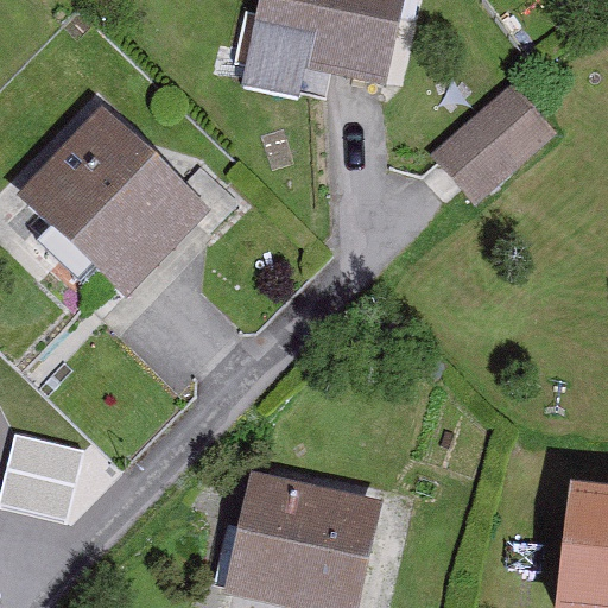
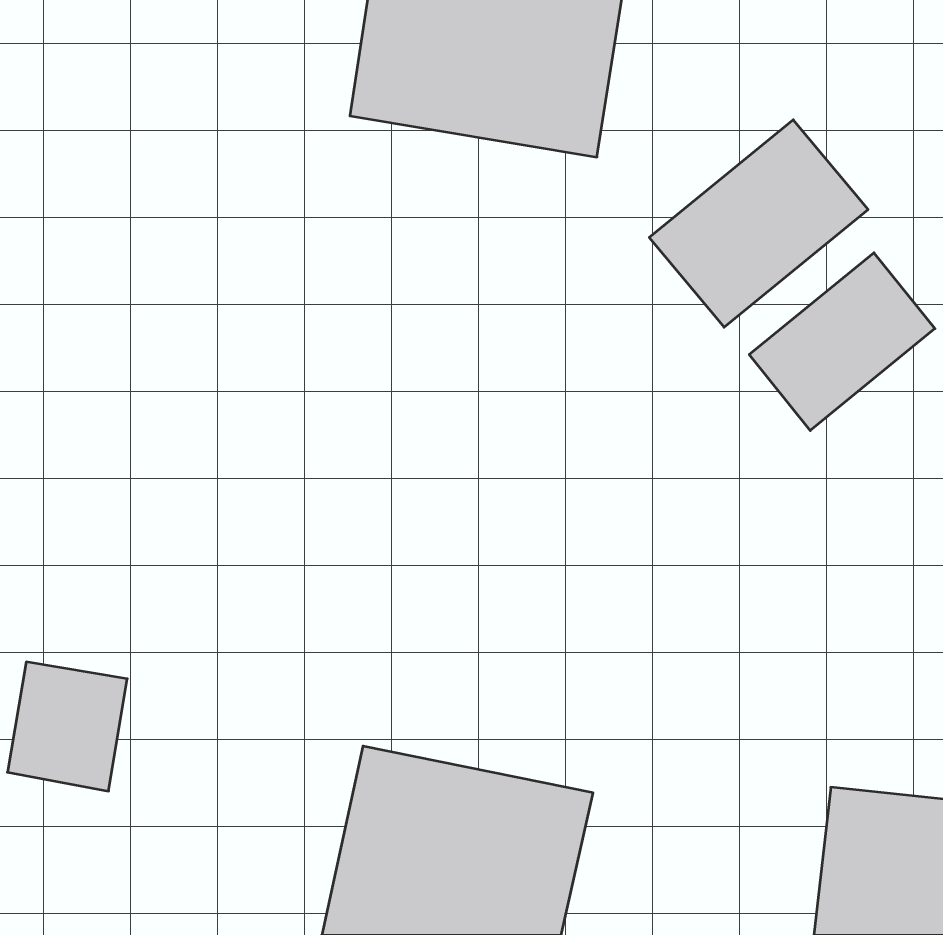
building: [14,104,221,311] -> none
building: none -> [749,253,935,431]

